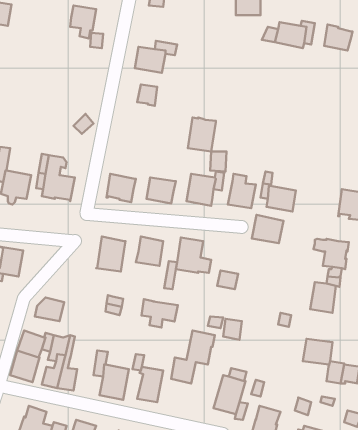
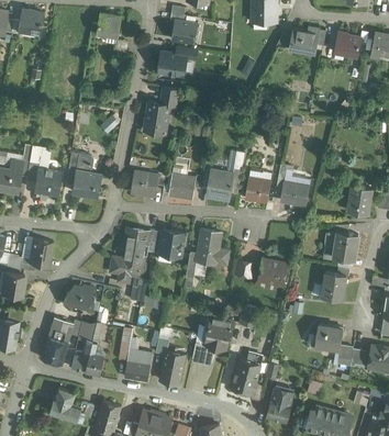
building: none -> [171,21,198,43]
building: [188,117,216,152] -> [144,102,170,134]
building: [252,215,284,243] -> [258,259,288,286]
building: [141,299,178,327] -> [111,257,145,283]

